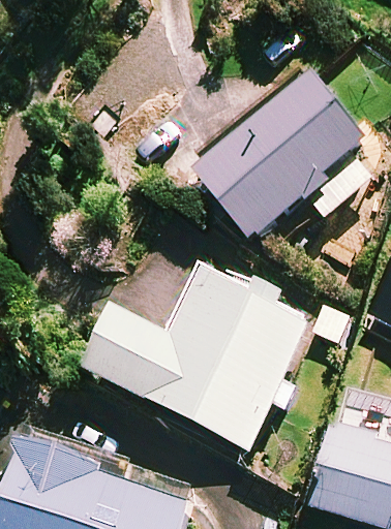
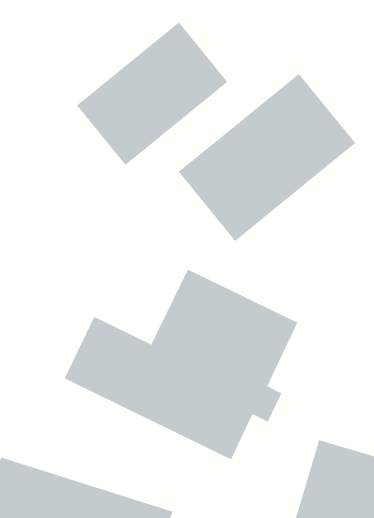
building: none -> [76,21,228,166]

